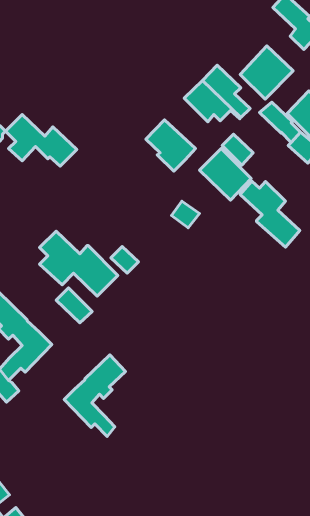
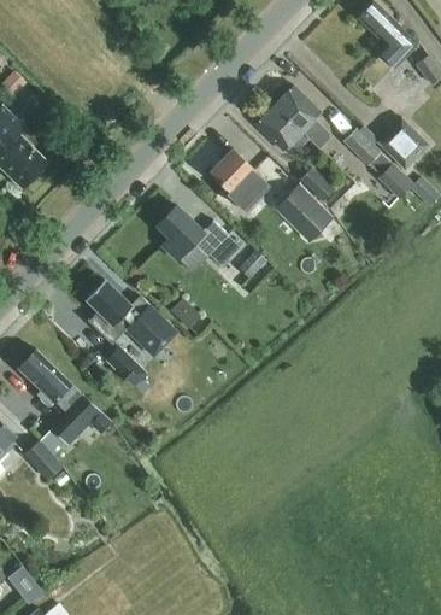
building: [240,46,293,99] -> none
building: [5,115,77,166] -> [157,206,240,266]
building: [240,181,300,247] -> none
building: [64,355,125,436] -> none

